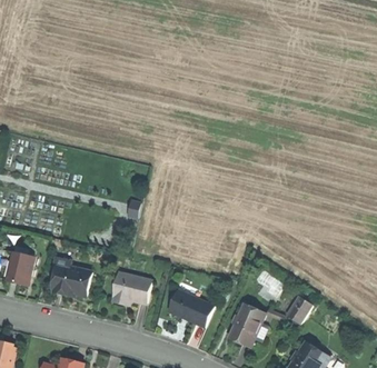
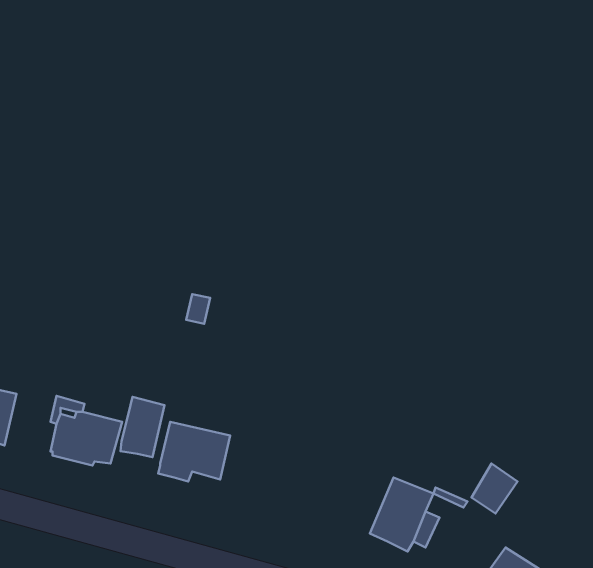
building: none -> [121,397,165,457]
building: [168,290,214,327] -> none

